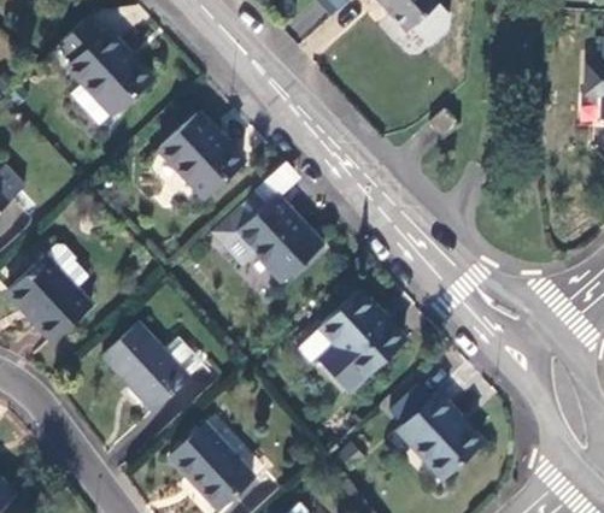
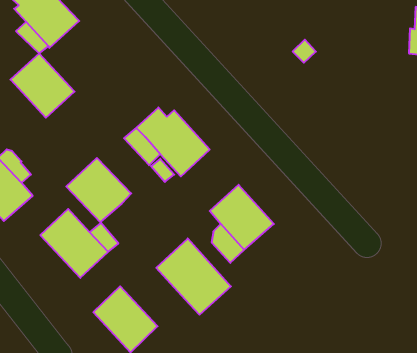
building: [159,112,242,195] -> [10,53,75,118]
building: none -> [66,158,131,223]
building: none -> [156,238,231,315]
building: [398,393,482,478] -> none

